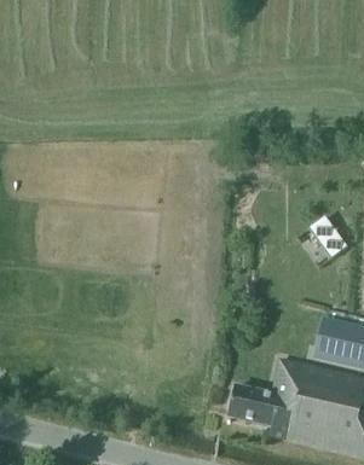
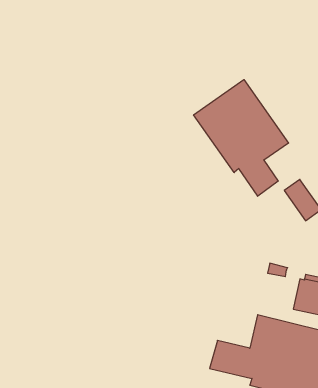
building: none -> [194,80,289,196]

